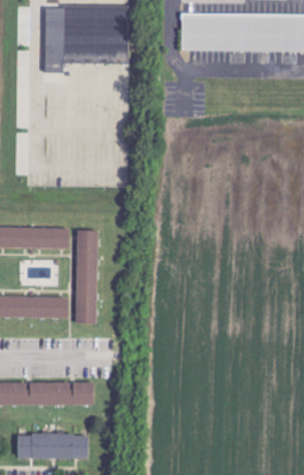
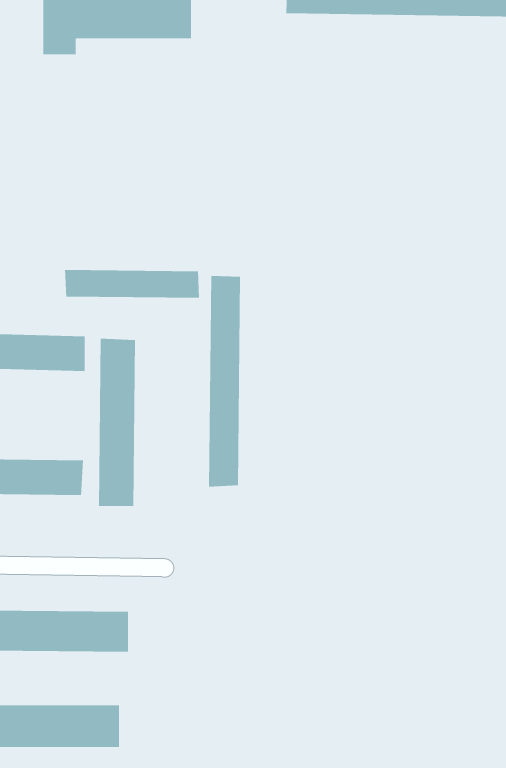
building: none -> [64,269,200,299]
building: none -> [208,275,241,487]

